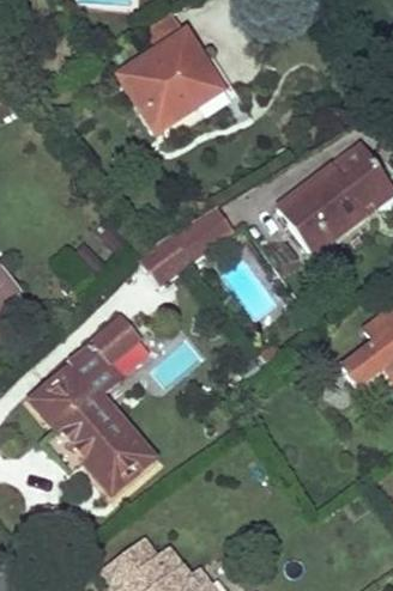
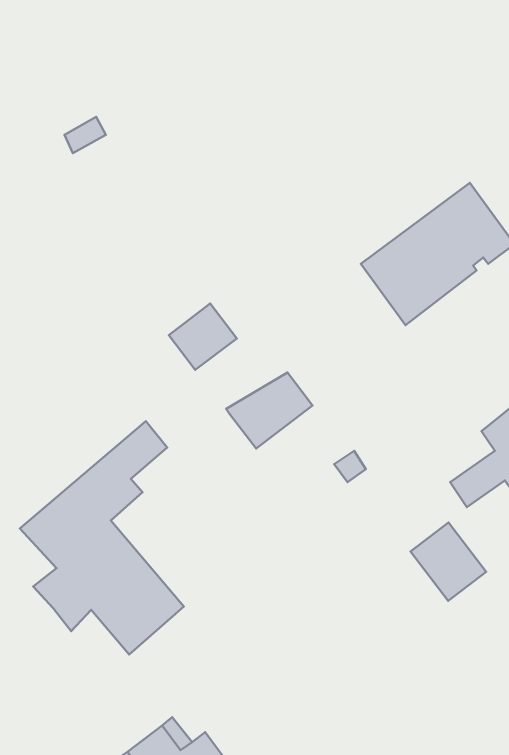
building: [123,31,224,129] -> none
building: [170,206,232,261] -> [226,373,312,449]
building: none -> [410,523,486,601]

